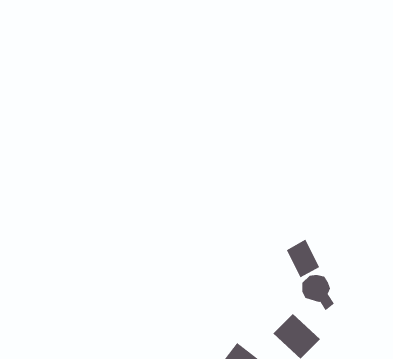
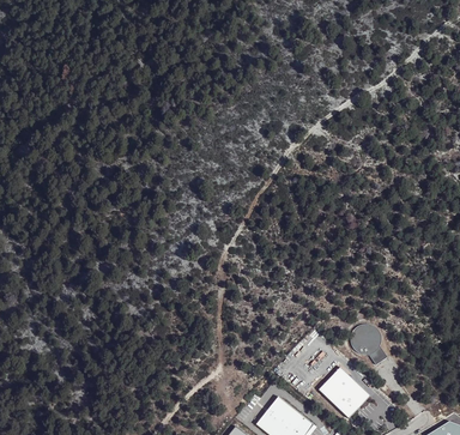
building: [286,239,320,278] -> none

